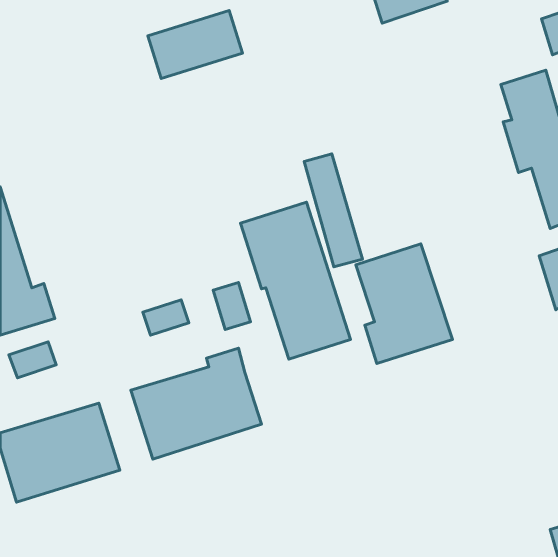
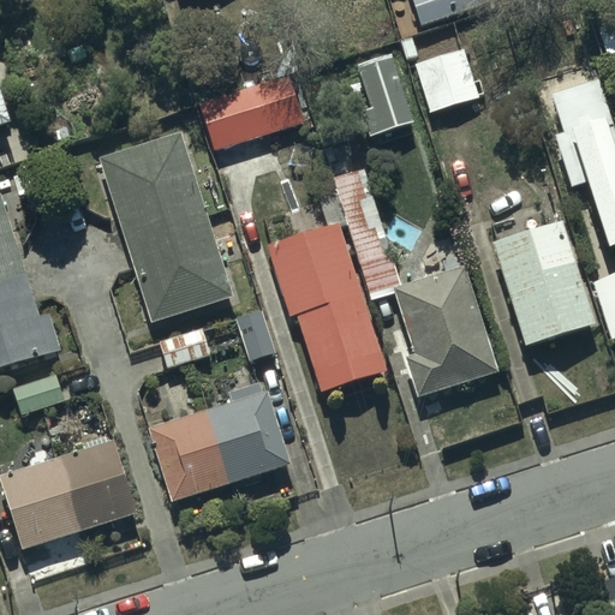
building: [148,10,242,79] -> [201,74,304,149]
building: none -> [414,46,488,112]
building: none -> [357,50,413,136]
building: none -> [98,131,233,321]
building: none -> [491,220,595,346]

